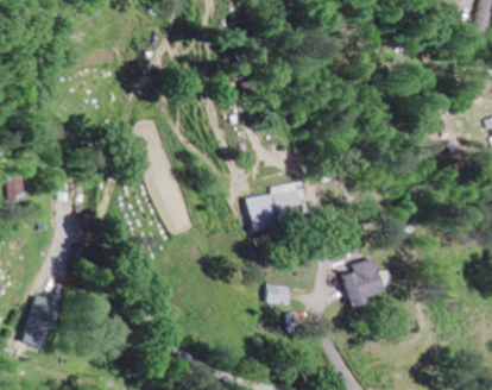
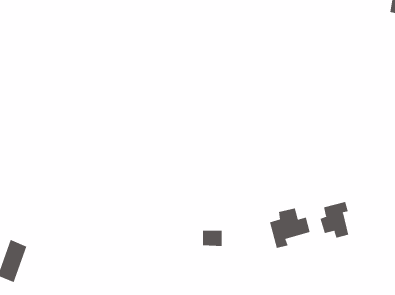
building: [242,182,301,231] -> none
building: none -> [320,201,349,239]

